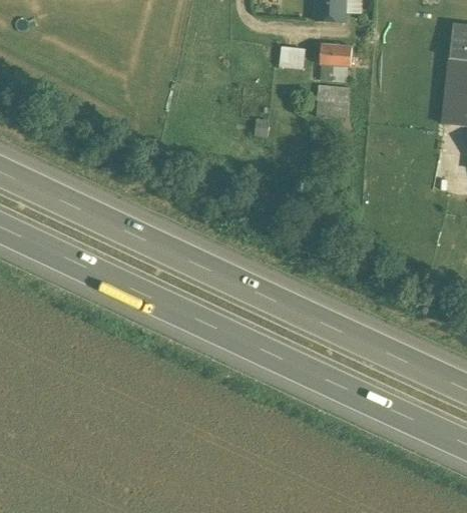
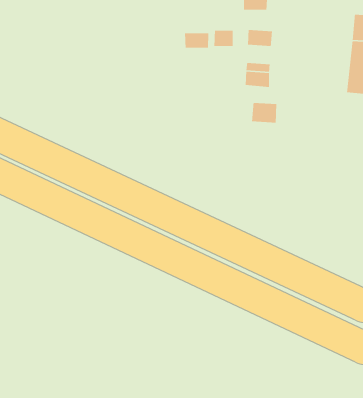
building: none -> [184,33,209,48]
building: none -> [251,102,277,123]

